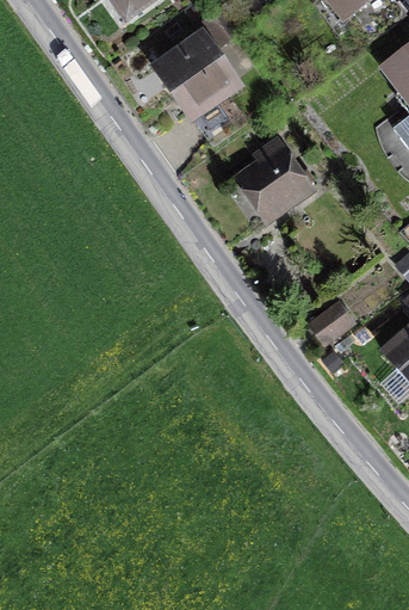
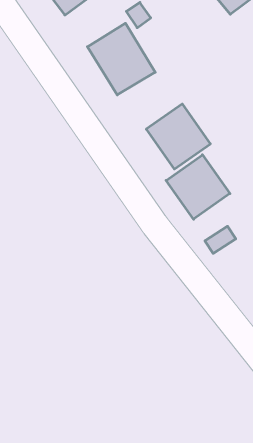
building: none -> [166,155,230,219]

